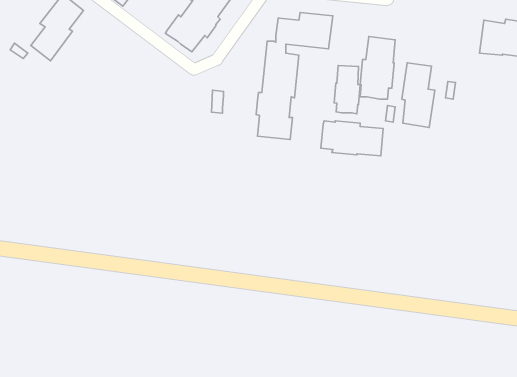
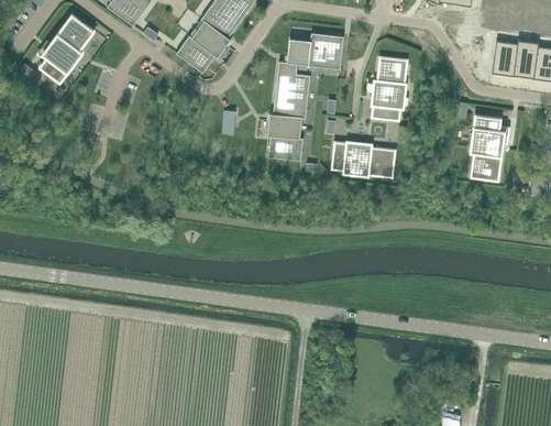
building: [402,63,435,127] -> [471,114,504,179]
building: [334,65,360,114] -> none

